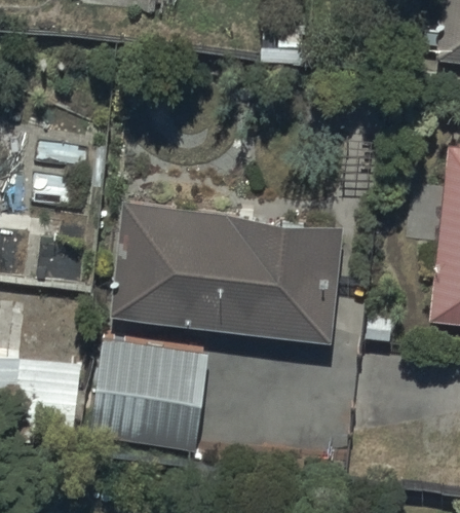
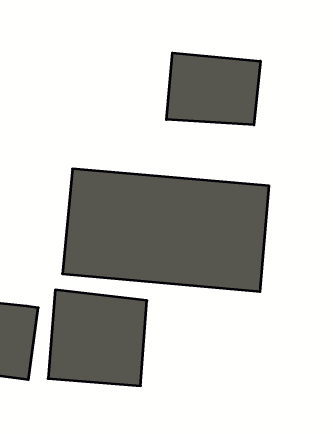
building: none -> [166,53,260,125]

